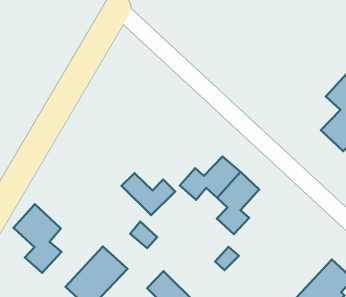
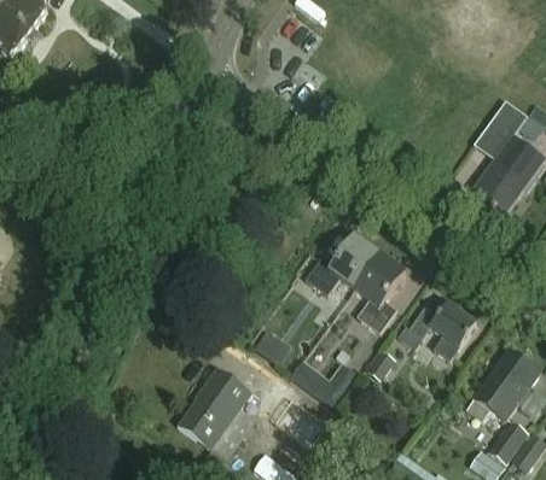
building: [122,173,175,215] -> [287,358,356,409]
building: [14,204,62,273] -> none
building: none -> [401,302,480,359]

